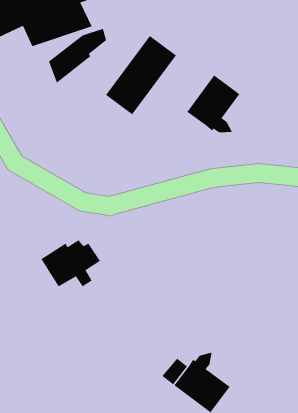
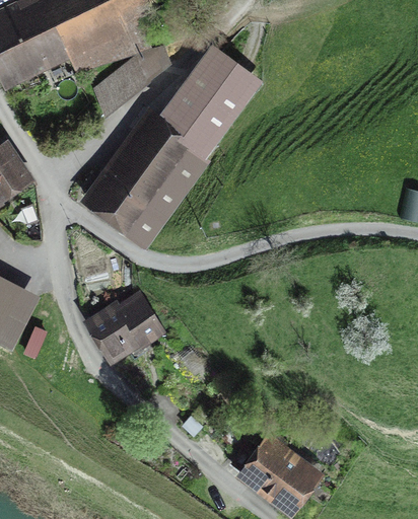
building: [186,75,240,133] -> none
building: none -> [98,121,207,237]

